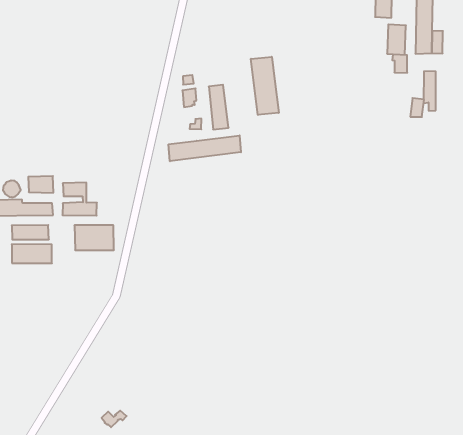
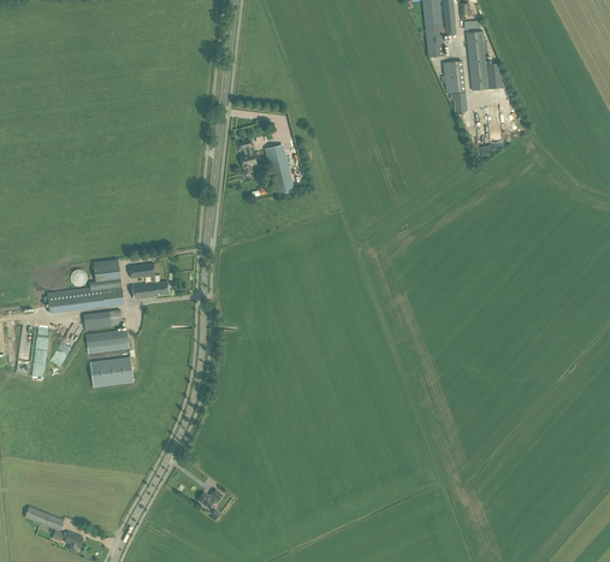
building: [251,57,279,115] -> none
building: [169,135,241,161] -> none
building: [74,225,114,250] -> [89,357,132,388]

